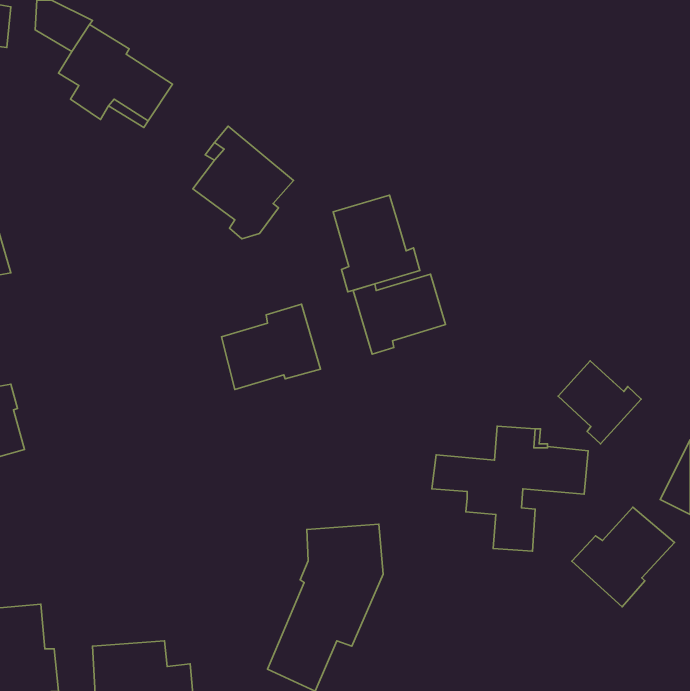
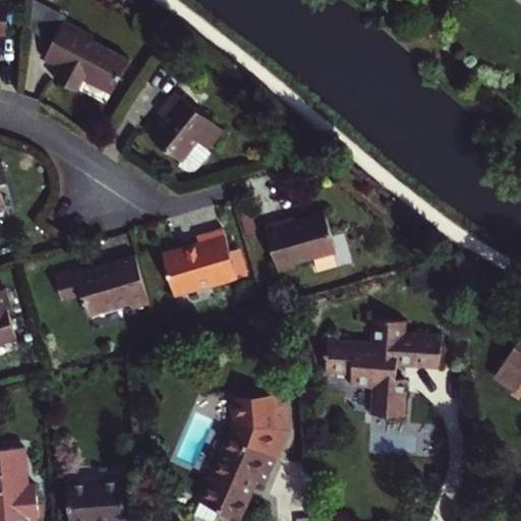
building: [333,195,420,292] -> none
building: none -> [58,256,152,319]
building: [558,361,641,444] -> none
building: [572,507,674,607] -> none

